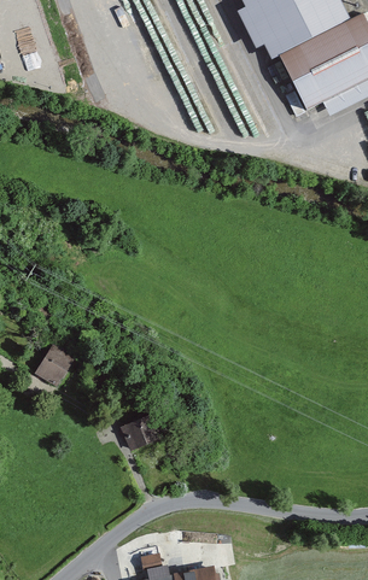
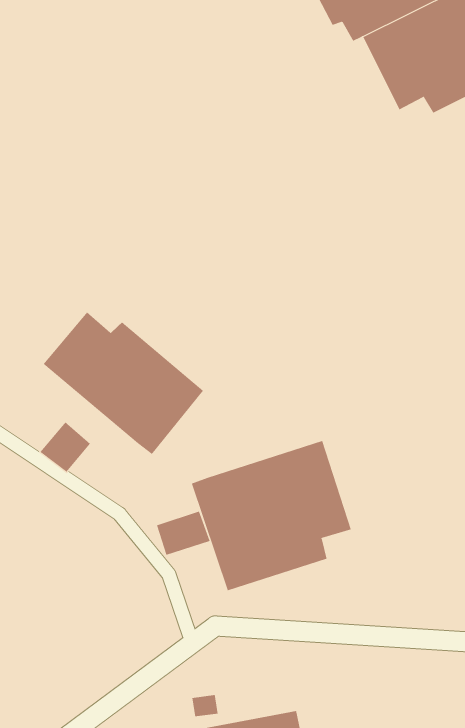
building: none -> [43,312,204,455]
building: none -> [191,440,352,591]

